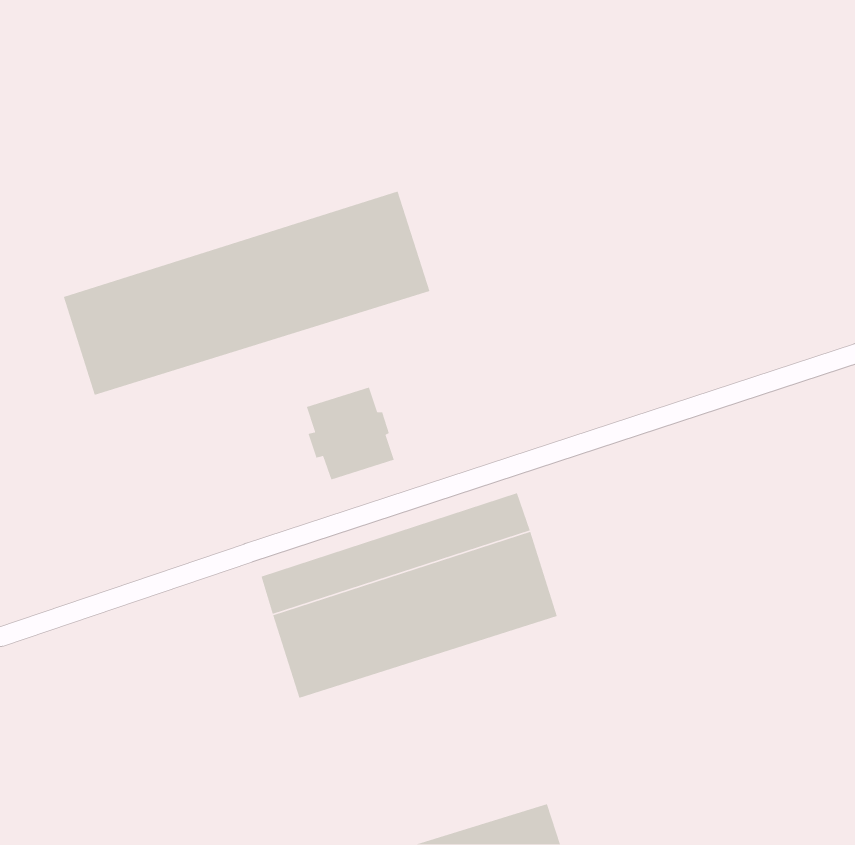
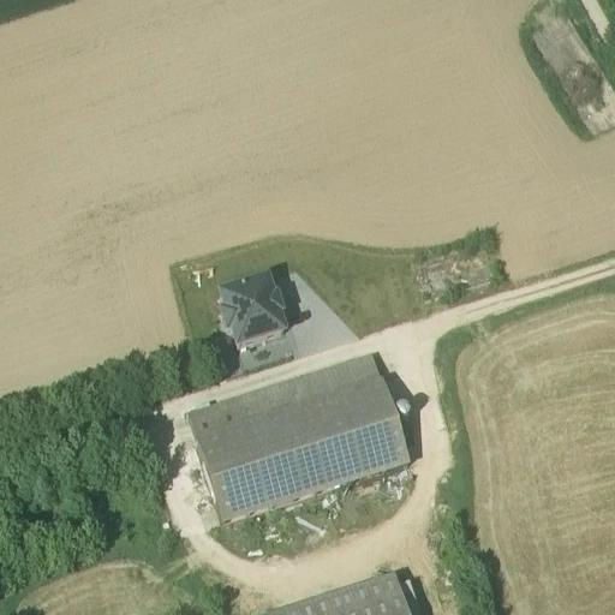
building: [63,191,431,396] -> none
building: none -> [216,441,408,521]

